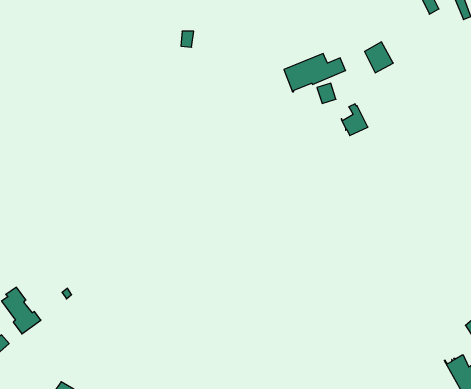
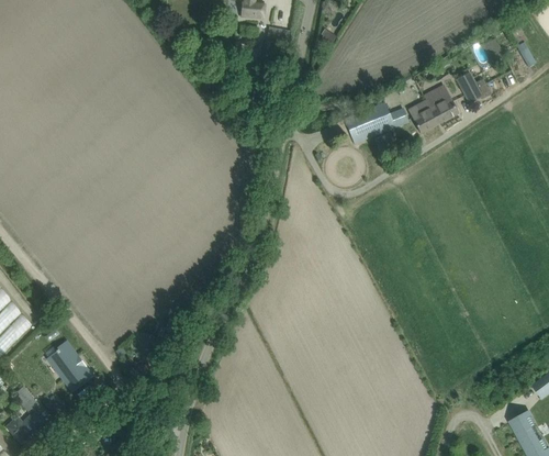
building: none -> [453,65,490,101]
building: [341,104,368,136] -> [411,98,438,131]

